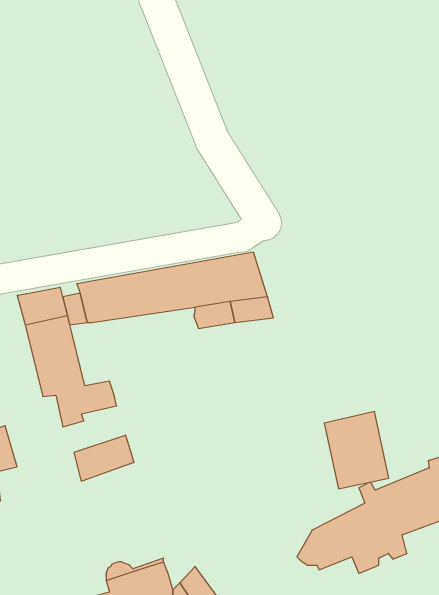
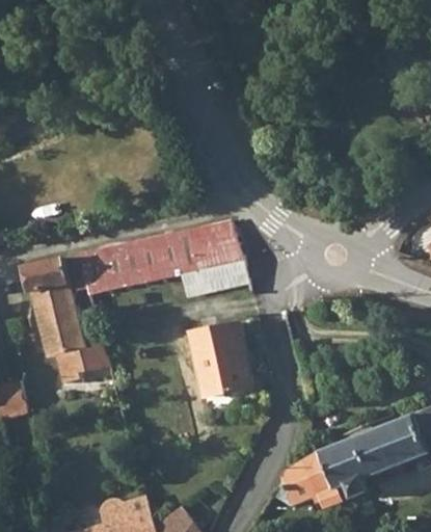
building: [324,411,389,489] -> [189,325,246,394]
building: [74,435,134,481] -> none

